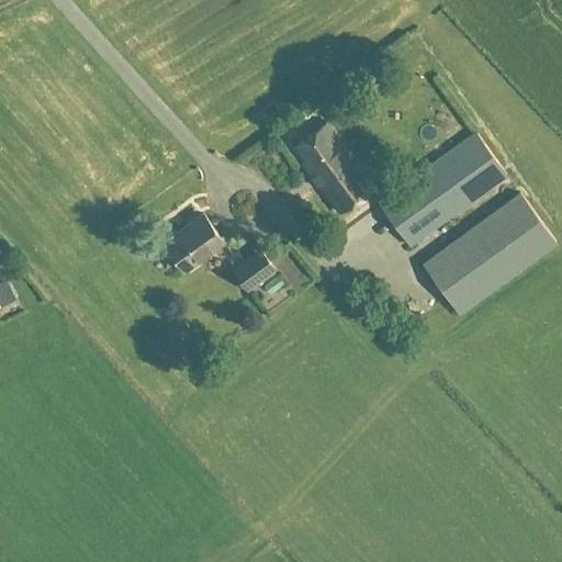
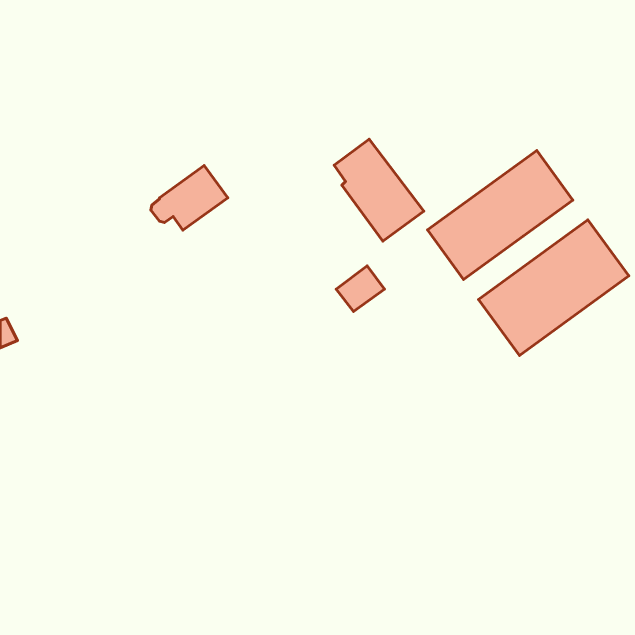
building: [156,215,224,272] -> [151,165,228,230]
building: [232,249,274,290] -> [336,266,385,312]

